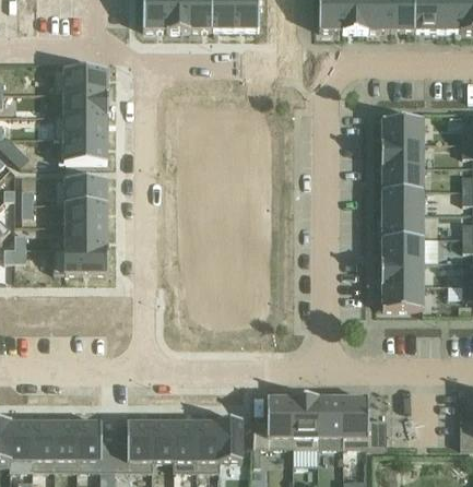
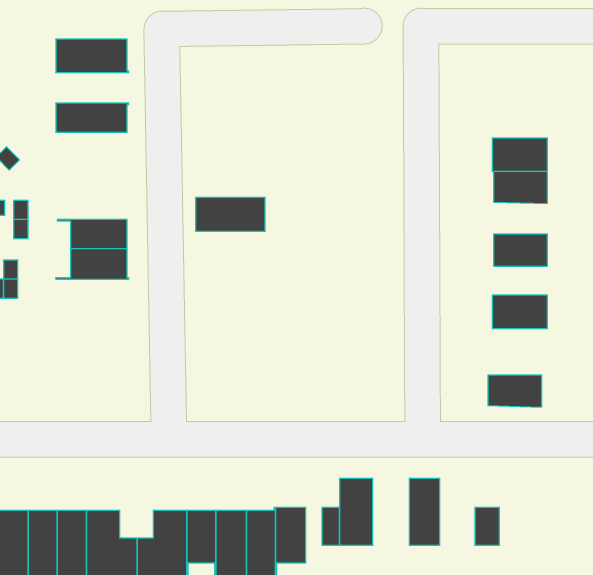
building: [54,93,108,116] -> none
building: [382,118,423,142] -> none
building: [54,138,107,163] -> none
building: [55,178,107,203] -> [195,198,265,231]
building: [382,190,423,214] -> none
building: [382,238,423,260] -> none
building: [54,248,108,272] -> none
building: [382,285,423,309] -> [488,375,542,407]
building: [292,395,319,463] -> none
building: [342,397,368,448] -> none

